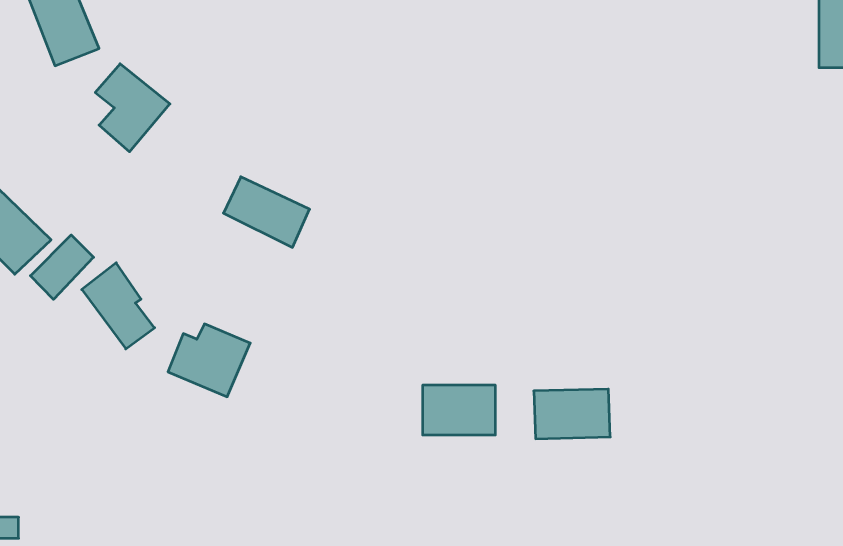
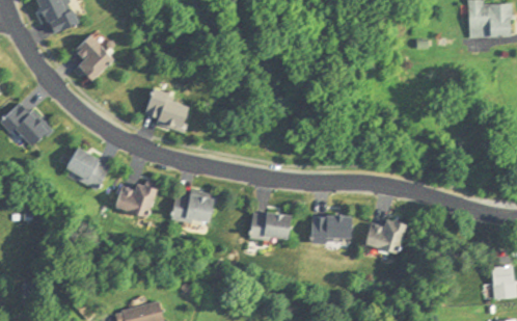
building: [30,235,94,299] -> none
building: none -> [170,188,216,224]
building: none -> [364,215,407,251]

